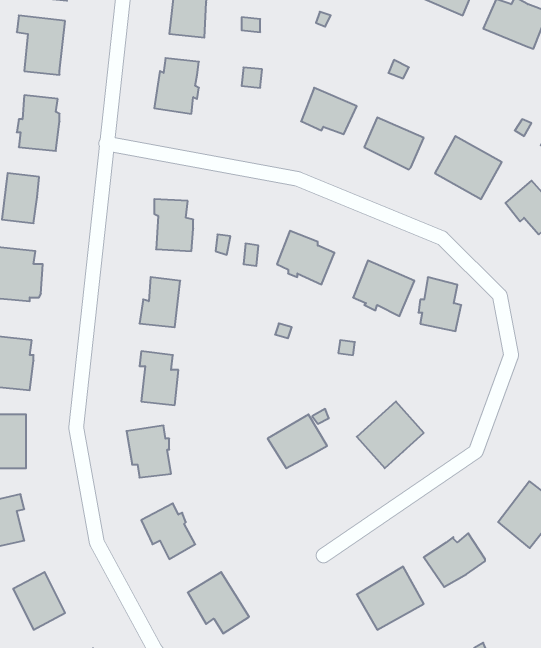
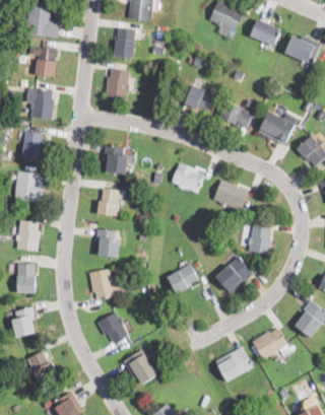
building: [418,277,461,331] -> [248,225,271,255]

